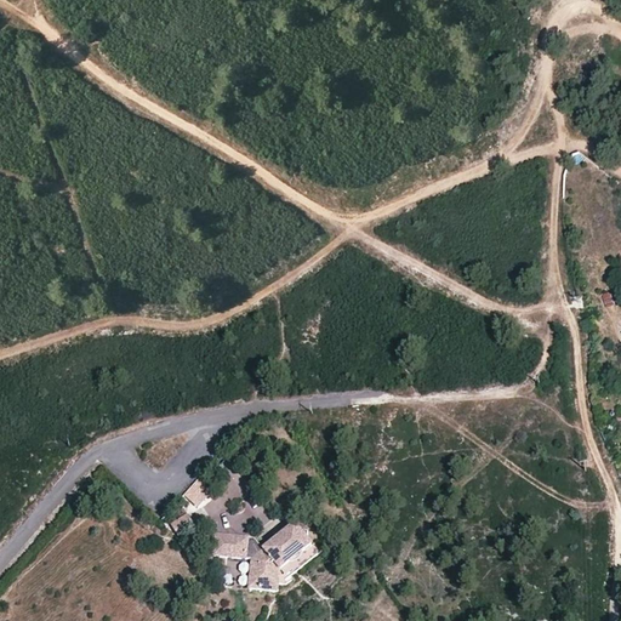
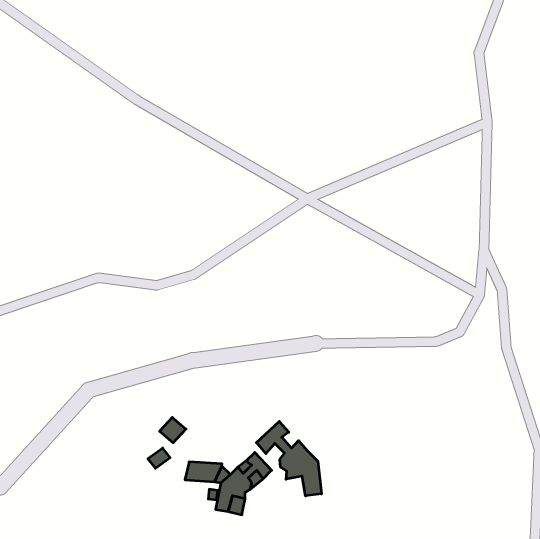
building: none -> [256,421,321,496]

